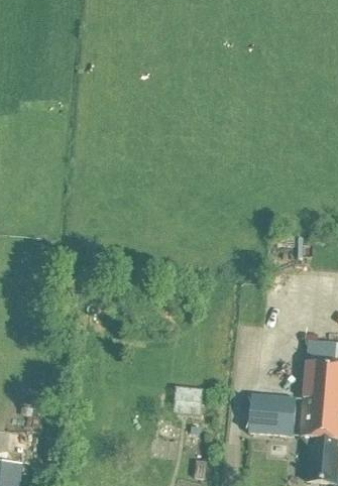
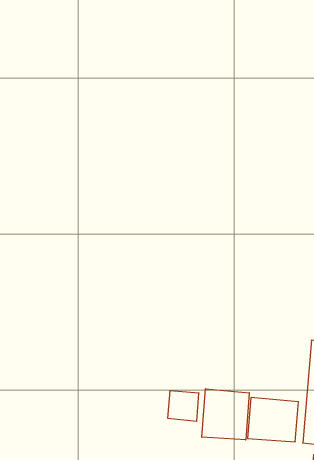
building: none -> [202,389,249,440]

